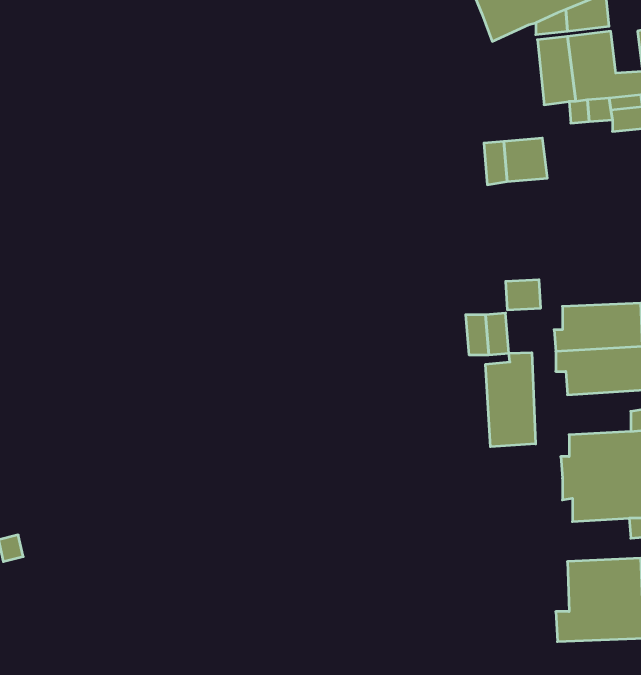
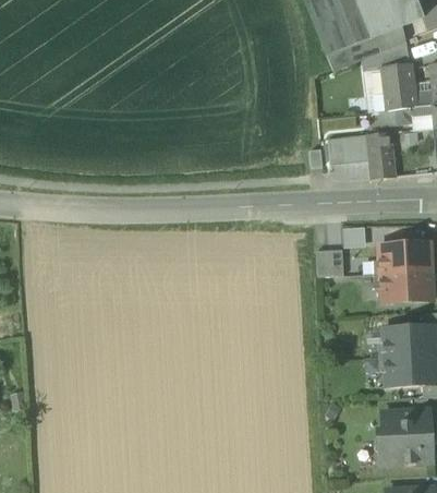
building: none -> [366,131,396,178]
building: [486,353,536,447] -> none

